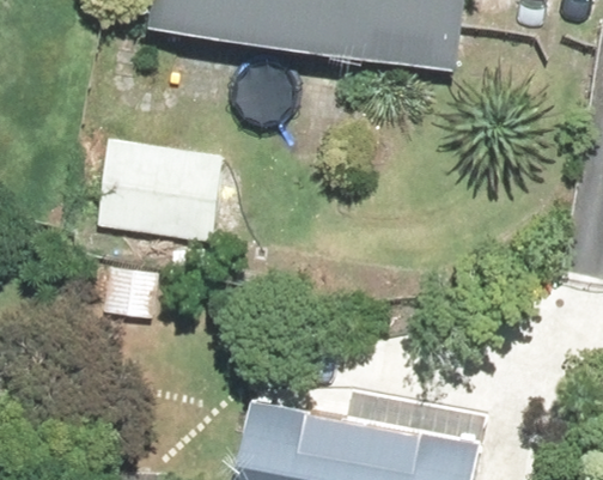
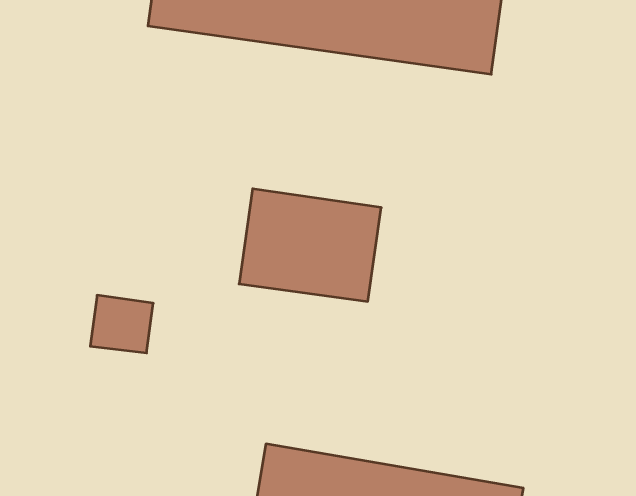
building: [91,140,218,241] -> [239,189,381,301]

